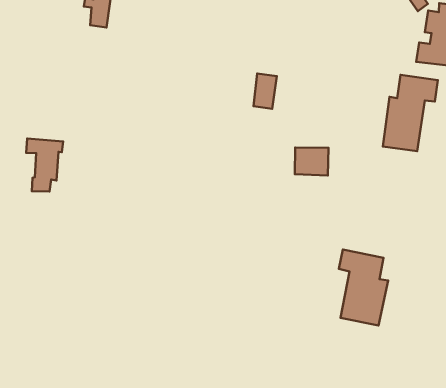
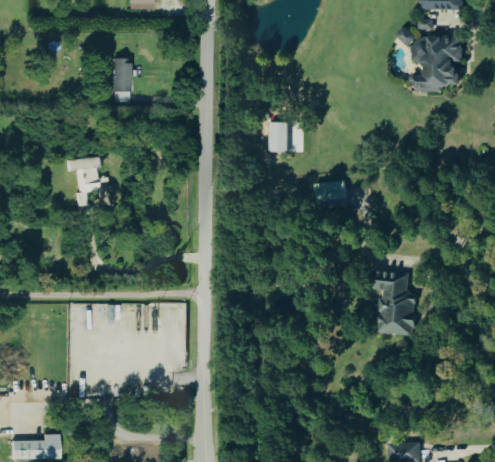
building: [383,75,438,151] -> none
building: [26,138,63,191] -> [67,156,100,205]

